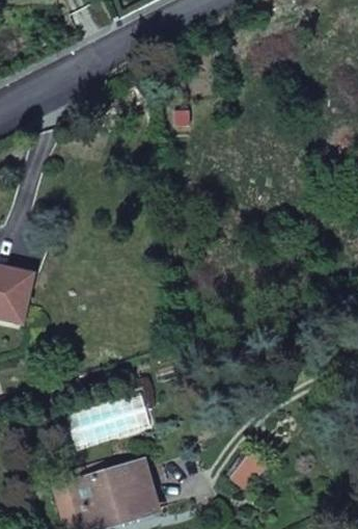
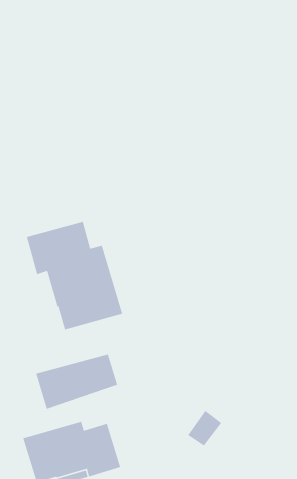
building: none -> [26,221,123,331]

